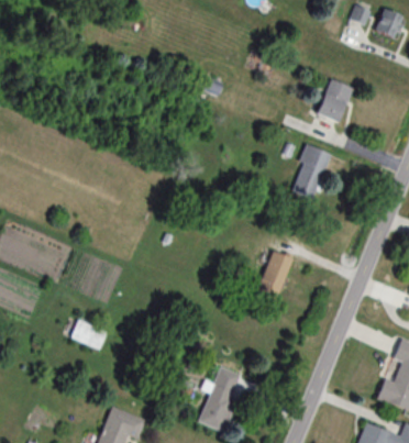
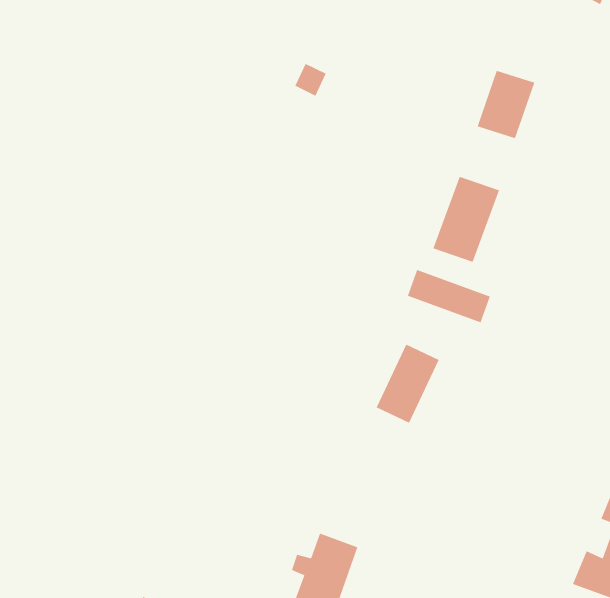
building: none -> [407,269,491,323]
building: [71,320,108,351] -> none

